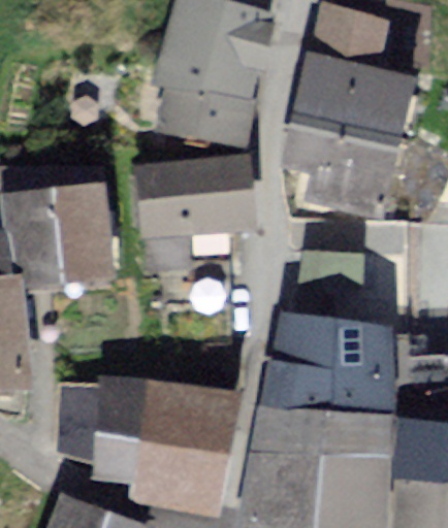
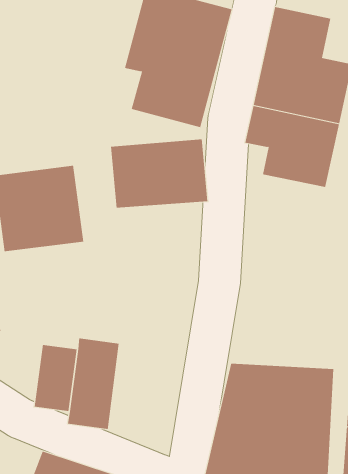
building: [274,318,393,409] -> none
building: [135,382,233,506] -> none

